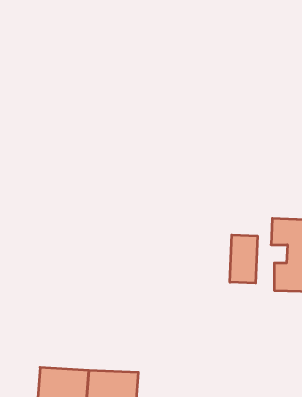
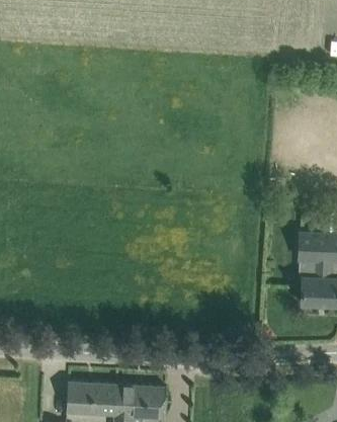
building: [230,235,257,283] -> none

